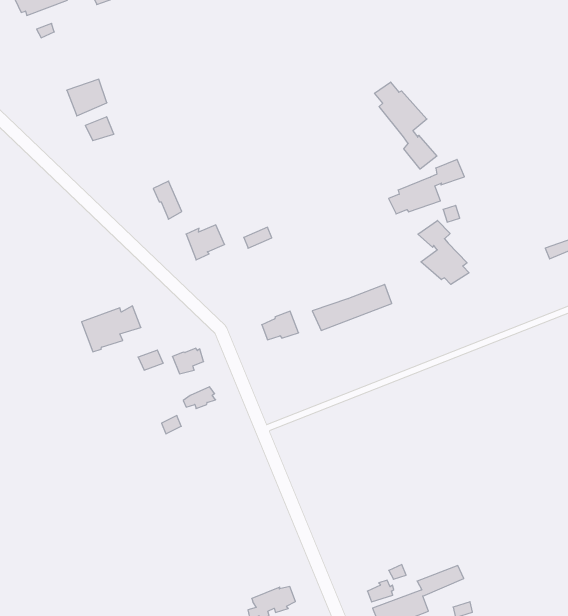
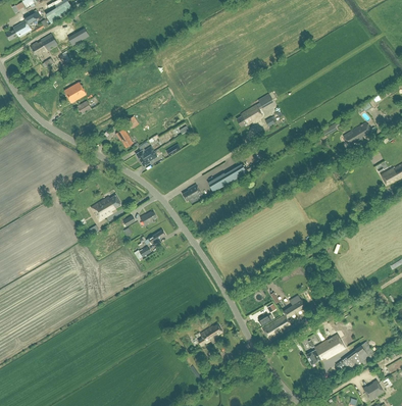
building: [375,82,437,169] -> none
building: [418,220,469,284] -> none

